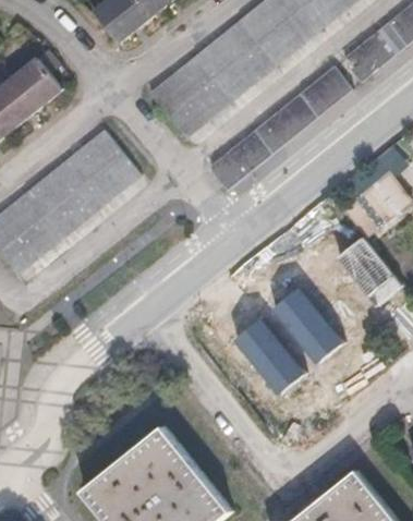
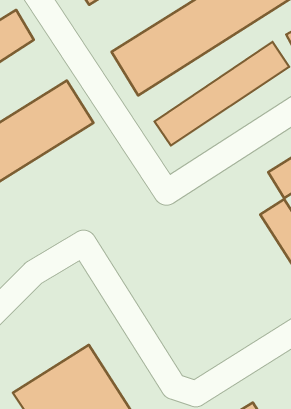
building: [274,288,344,364] -> none
building: [234,315,305,391] -> none

